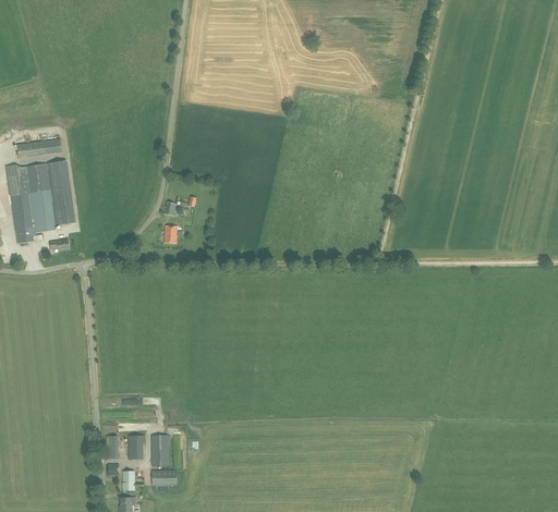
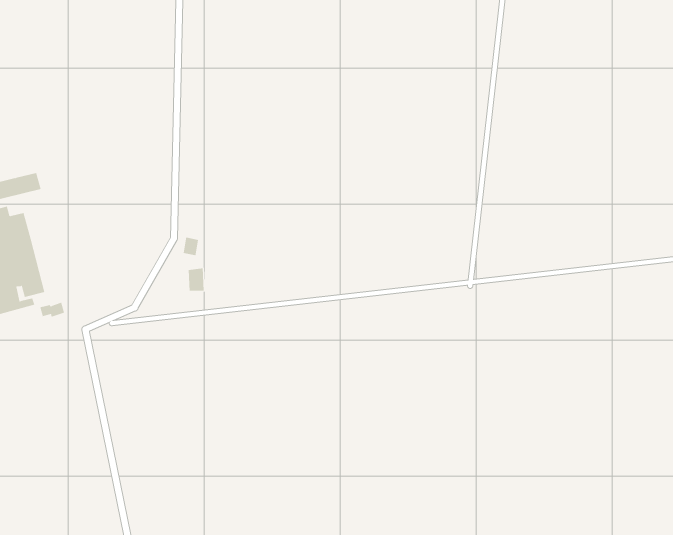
building: [48,160,72,224] -> none

